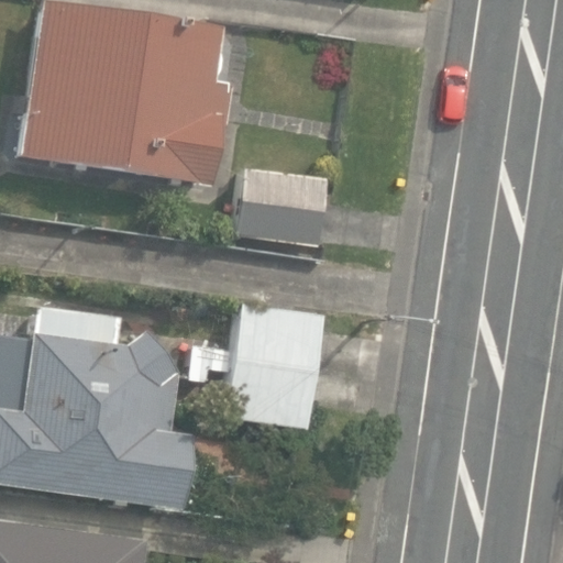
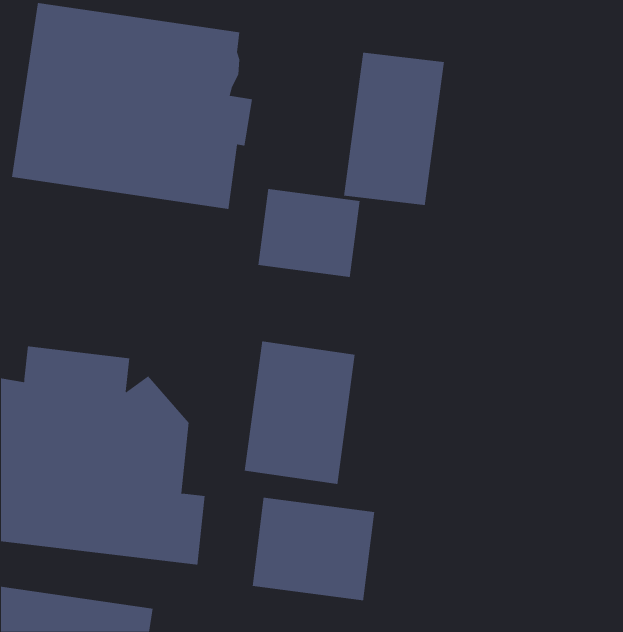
building: none -> [344,52,444,206]
building: none -> [252,497,375,601]

